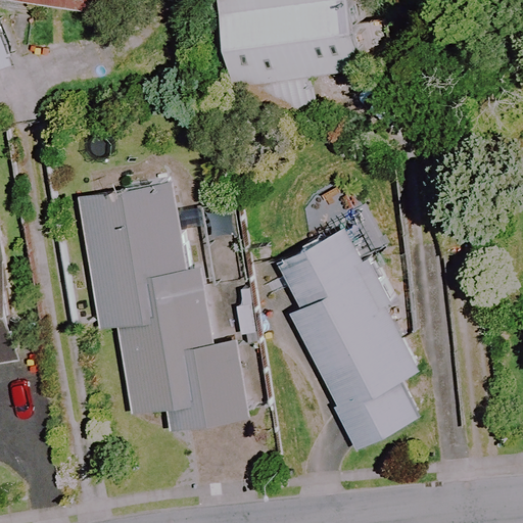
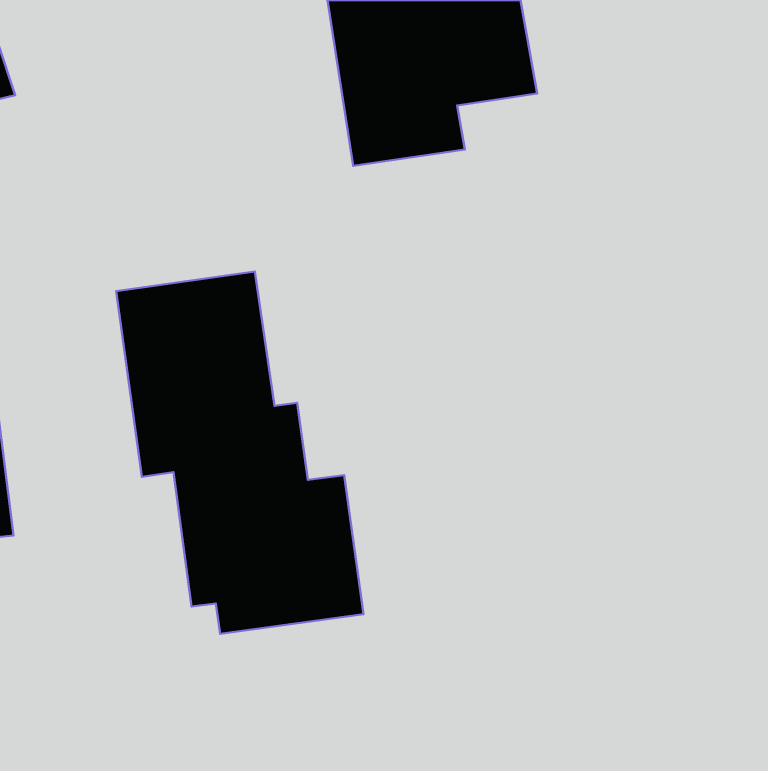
building: [275,225,418,444] -> none

